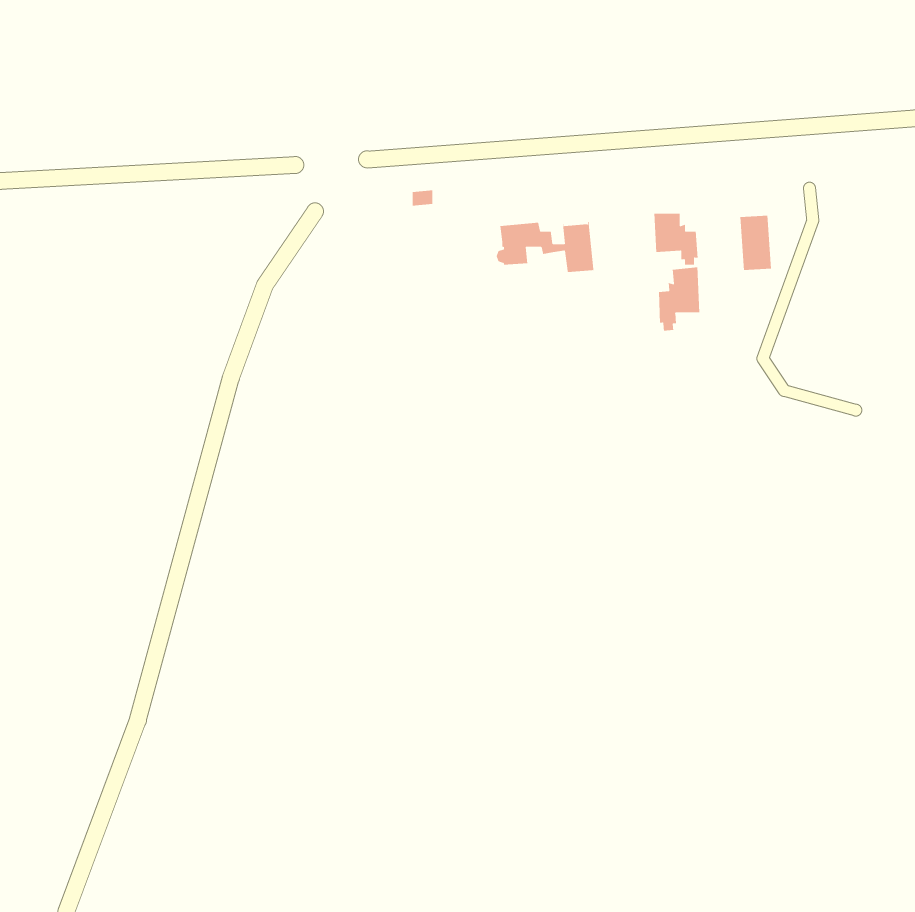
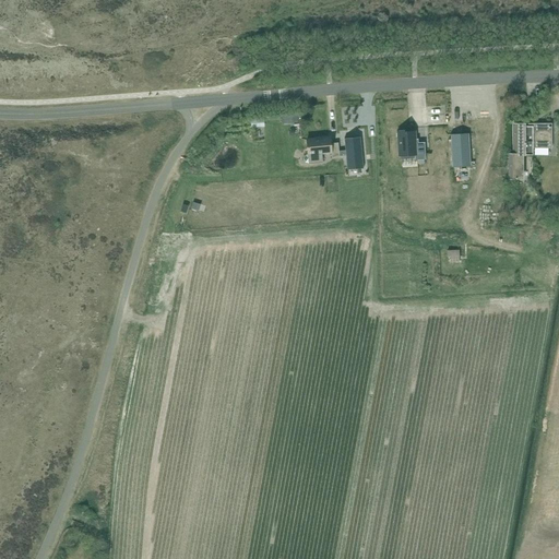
building: none -> [509,122,550,177]
building: [658,266,700,331] -> none

